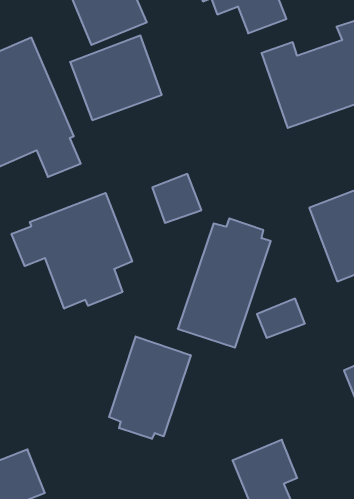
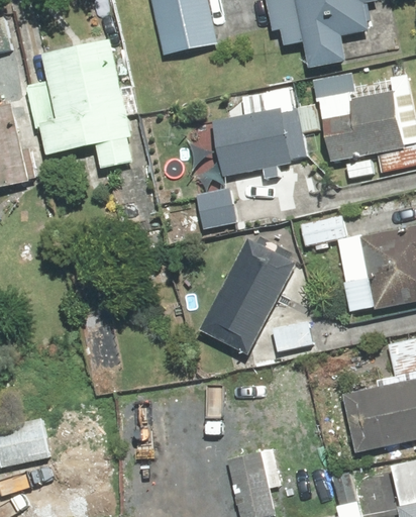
building: [70,36,162,120] -> [211,107,290,177]
building: [12,193,132,309] -> none
building: [109,336,191,439] -> none

